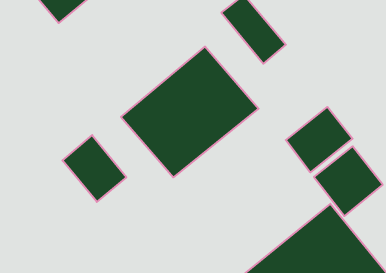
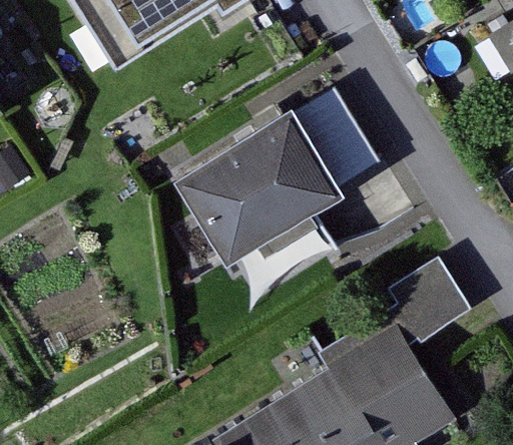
building: [286,107,353,172] -> none
building: [62,135,126,202] -> none

